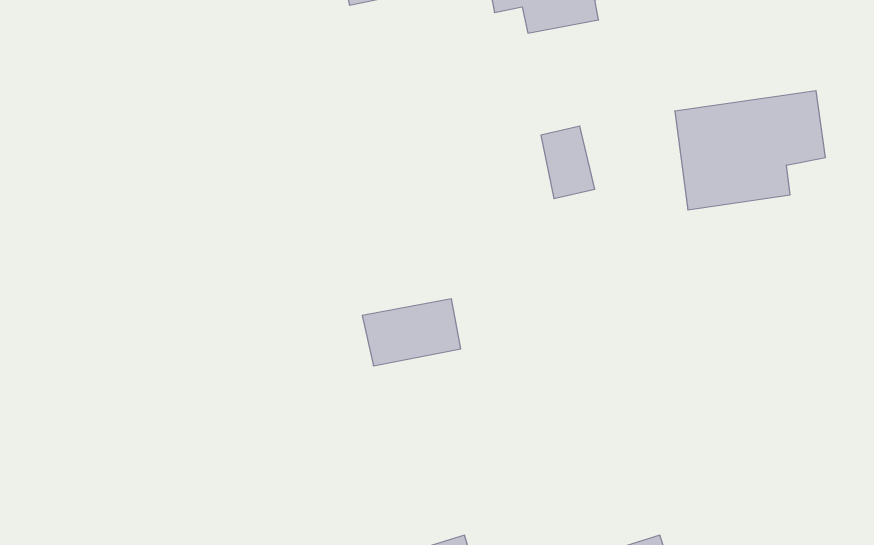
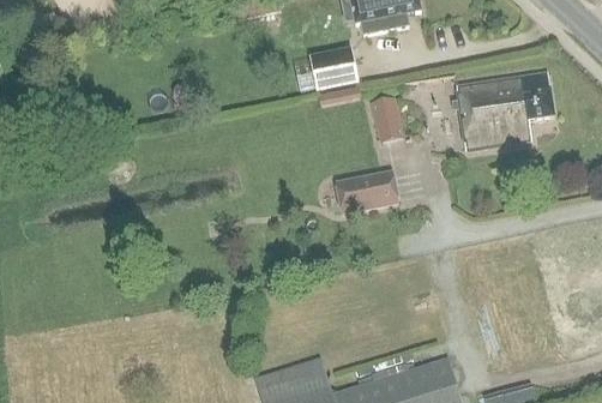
building: none -> [291,48,357,91]
building: [362,299,461,366] -> [335,169,398,212]

